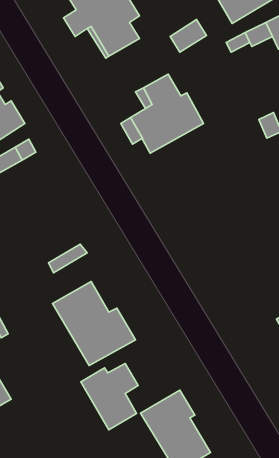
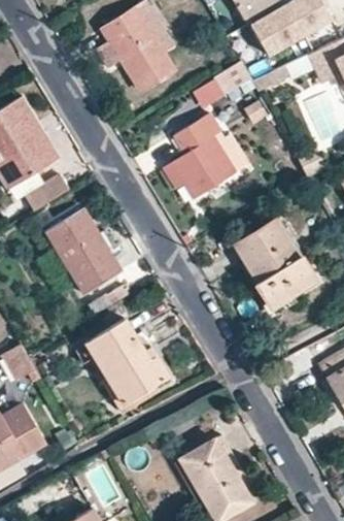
building: none -> [44,210,111,294]
building: none -> [235,219,317,306]
building: [81,363,138,430] -> none

